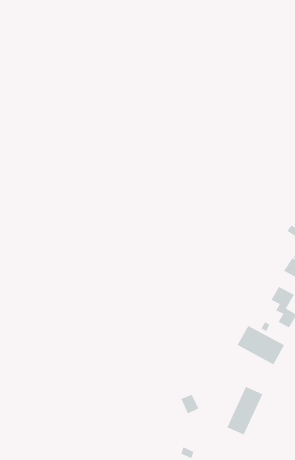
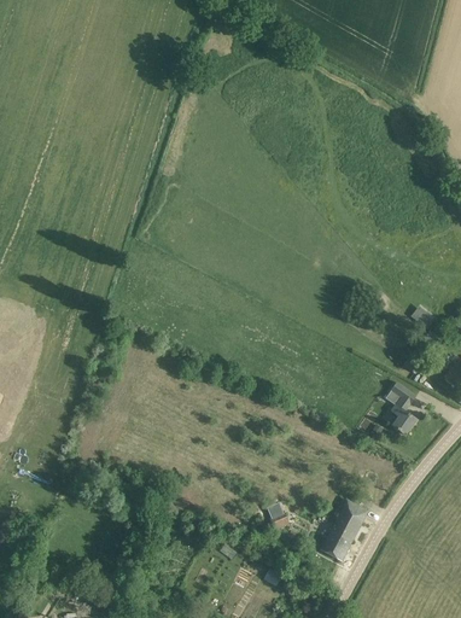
building: [237,325,285,365] -> none

